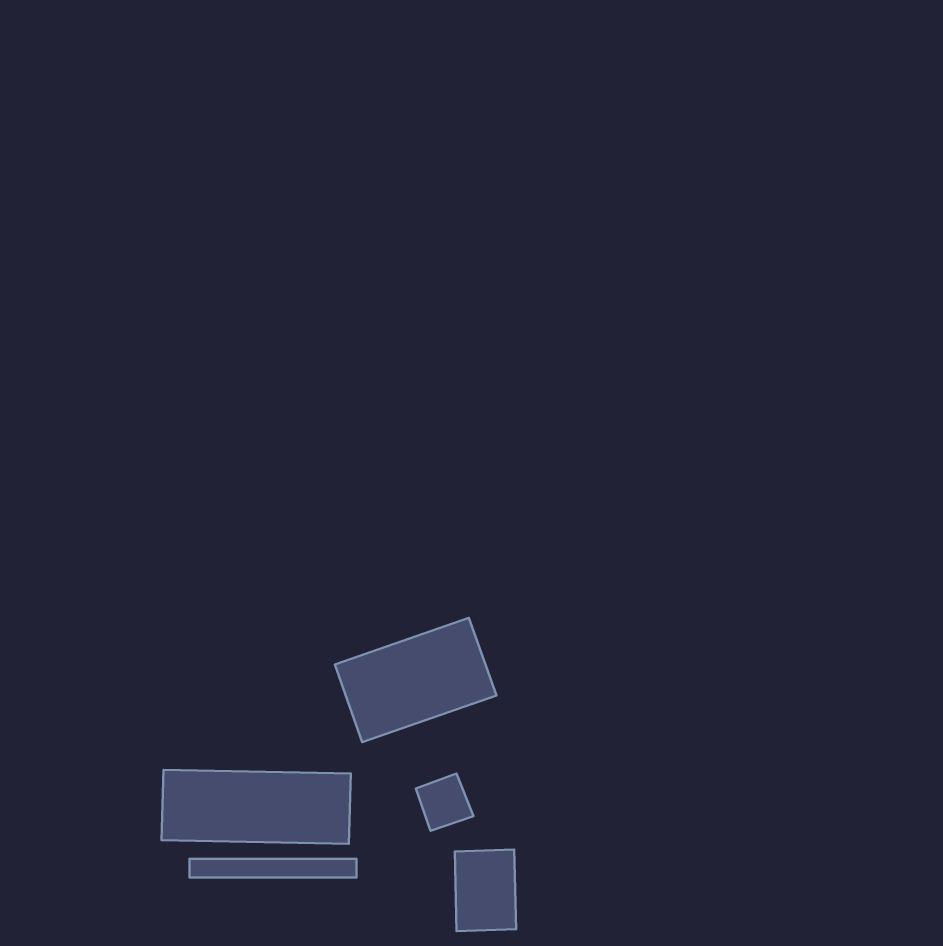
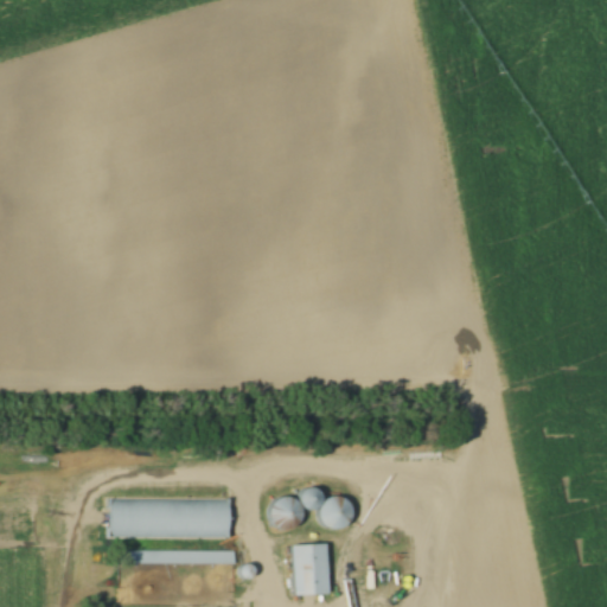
building: [335,618,496,742] -> none
building: none -> [302,491,347,528]

